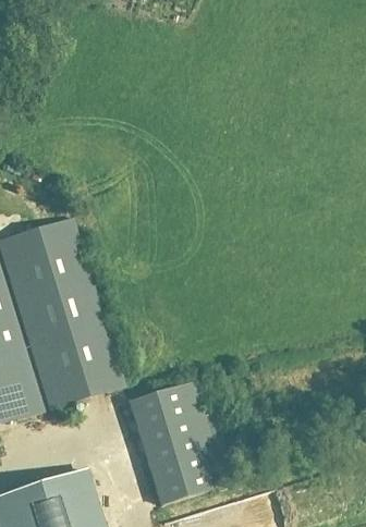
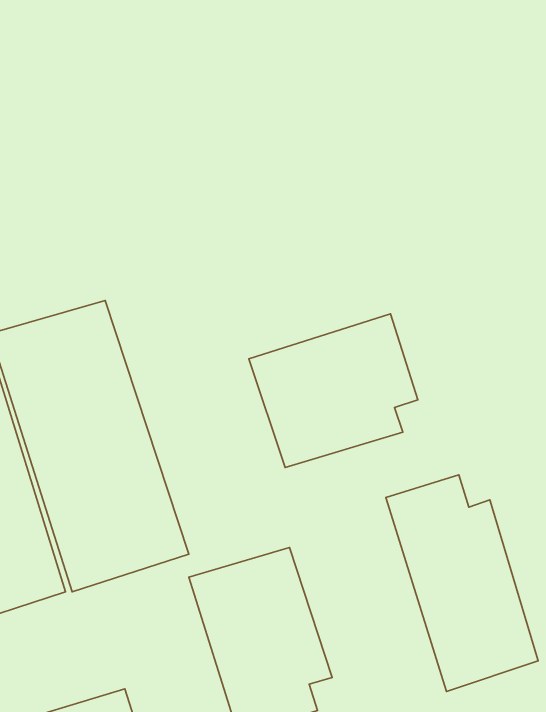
building: none -> [249,314,418,467]
building: none -> [386,475,538,691]

